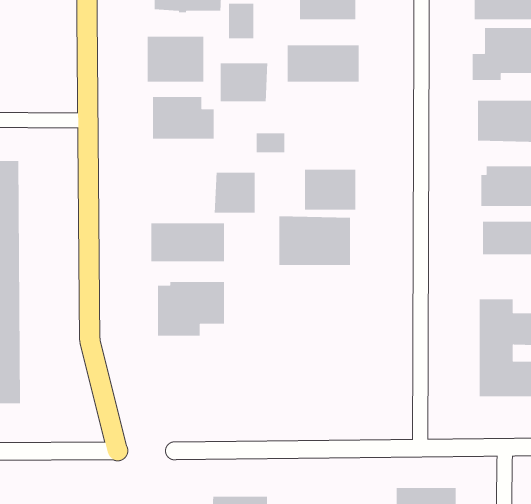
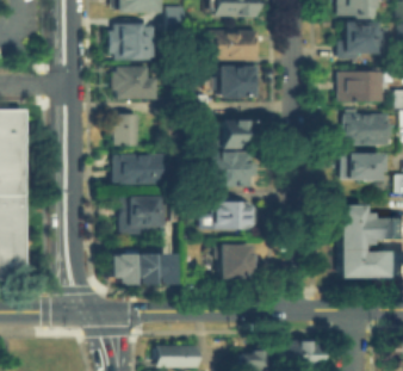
building: [220,62,268,102] -> [217,68,250,95]
building: [214,172,255,213] -> [110,115,138,143]
building: none -> [215,204,256,227]
building: none -> [217,242,249,277]
building: none -> [106,249,170,280]

